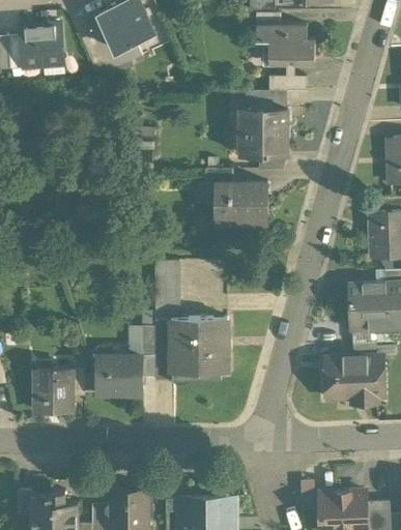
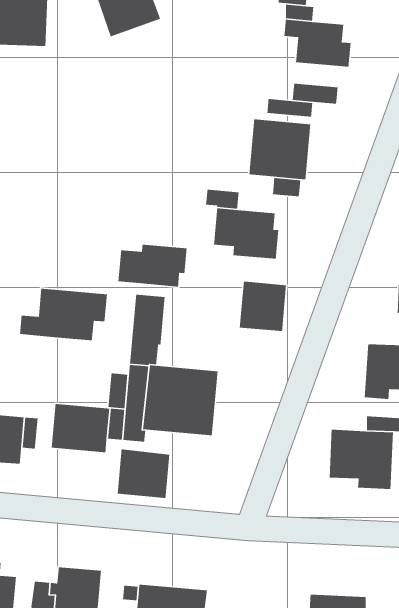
building: none -> [118,244,187,287]
building: none -> [239,281,287,332]
building: none -> [19,288,108,341]
building: none -> [117,449,170,499]

